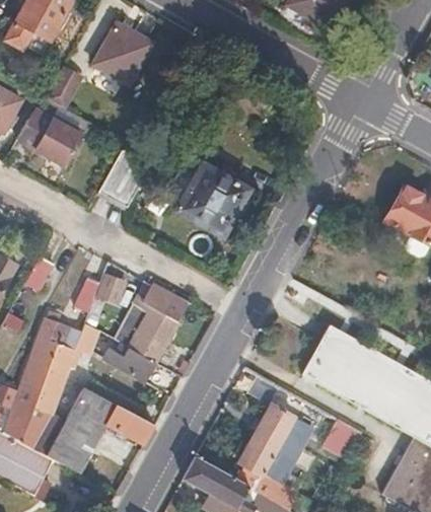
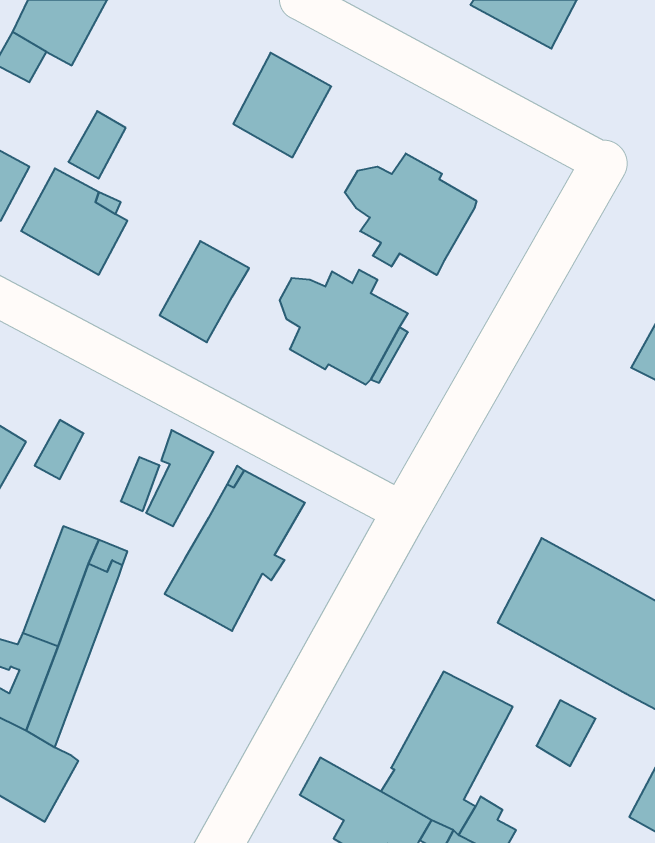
building: [94,22,153,85] -> [233,53,331,157]
building: none -> [345,153,476,275]
building: [48,386,156,473] -> none

